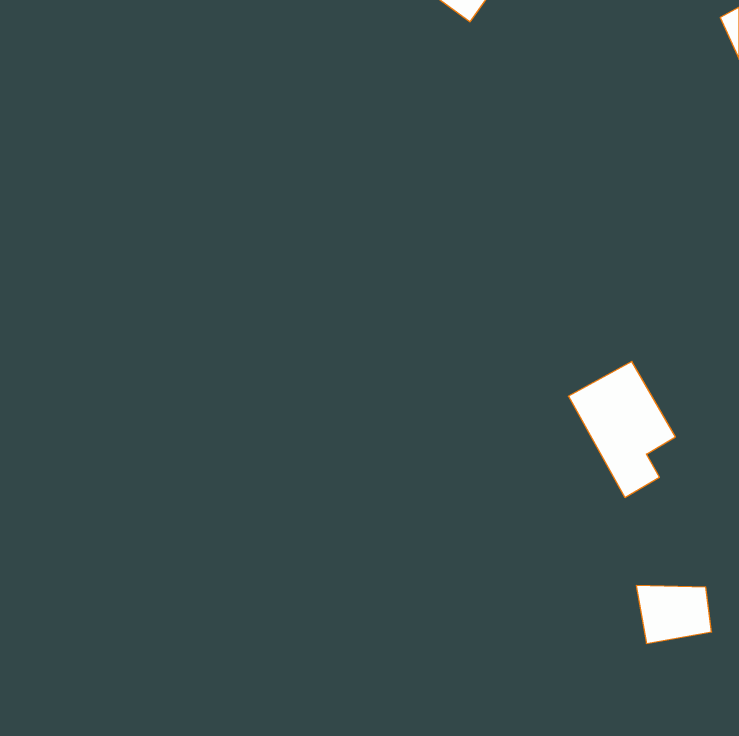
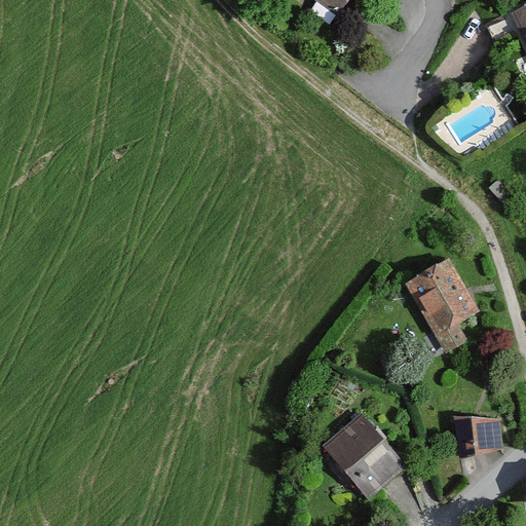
building: none -> [321,413,405,498]

